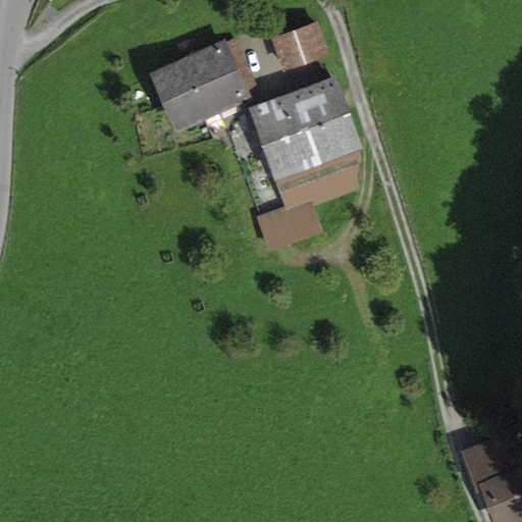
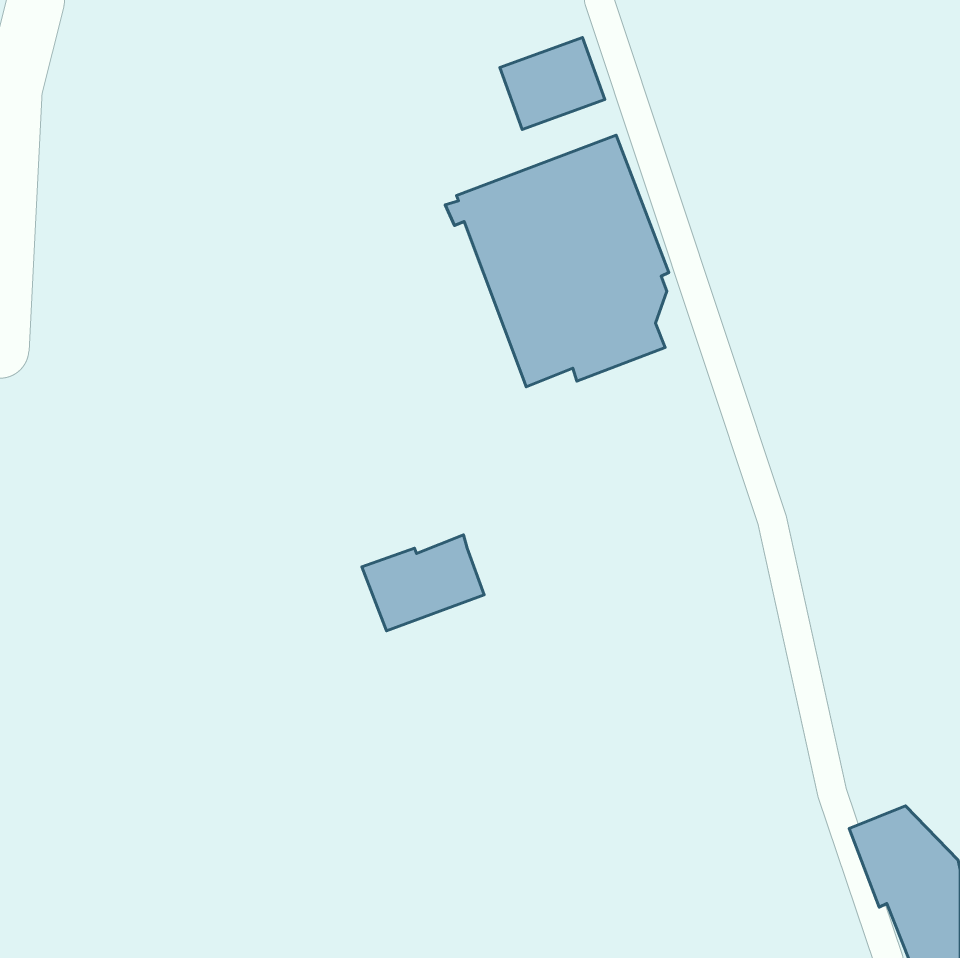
building: [149,39,259,134] -> none
building: [256,201,322,253] -> [362,535,484,631]

